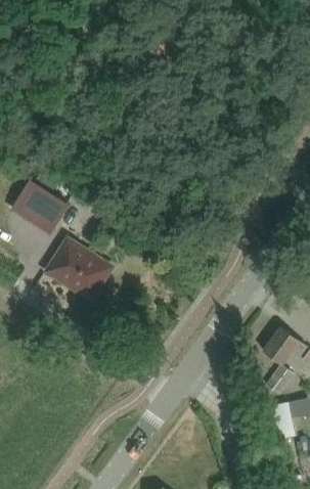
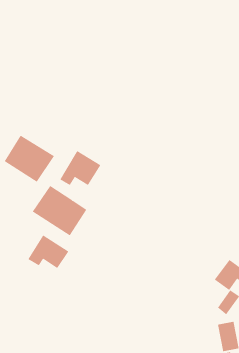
building: none -> [59,150,101,186]
building: none -> [27,235,69,269]

